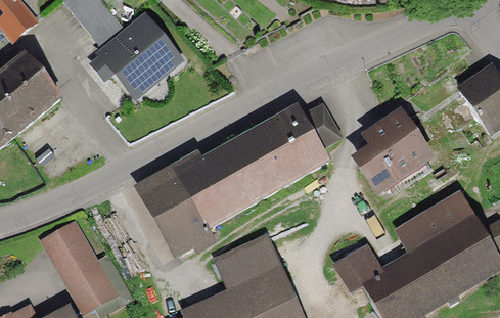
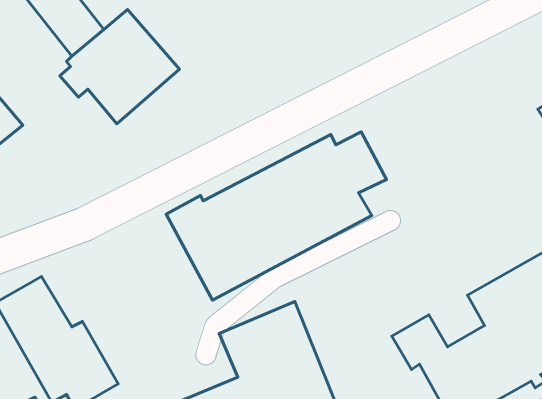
building: [351,108,431,197] -> none
building: [130,167,212,263] -> none

